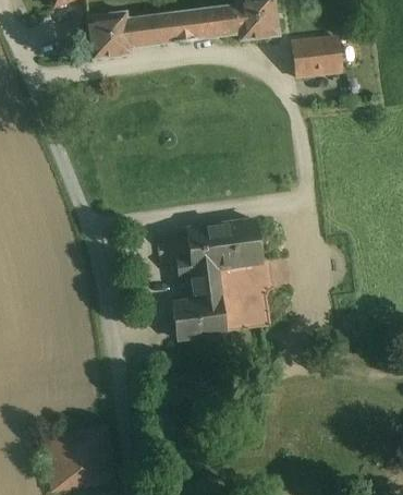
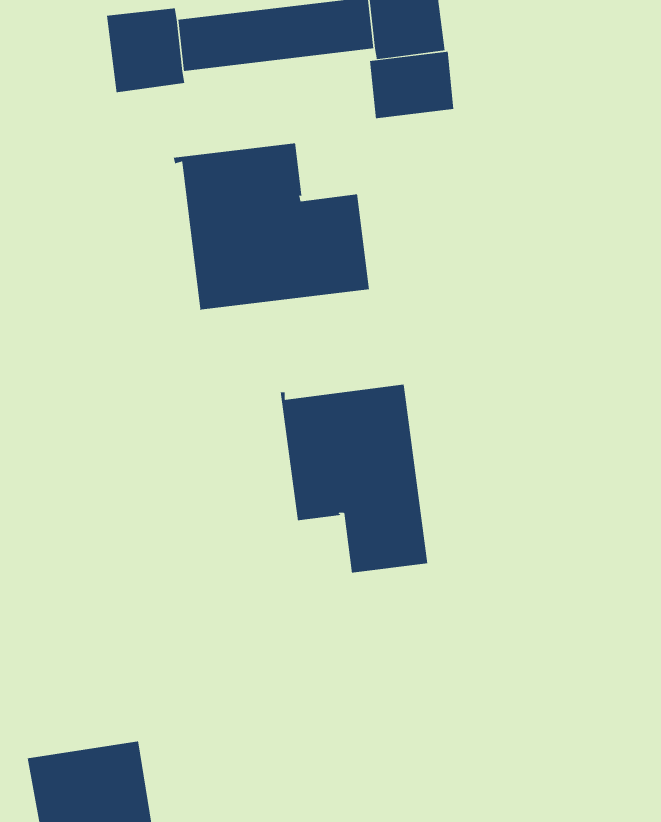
building: [292,35,340,73] -> [369,51,454,119]
building: none -> [173,143,370,311]
building: [172,295,225,341] -> none

